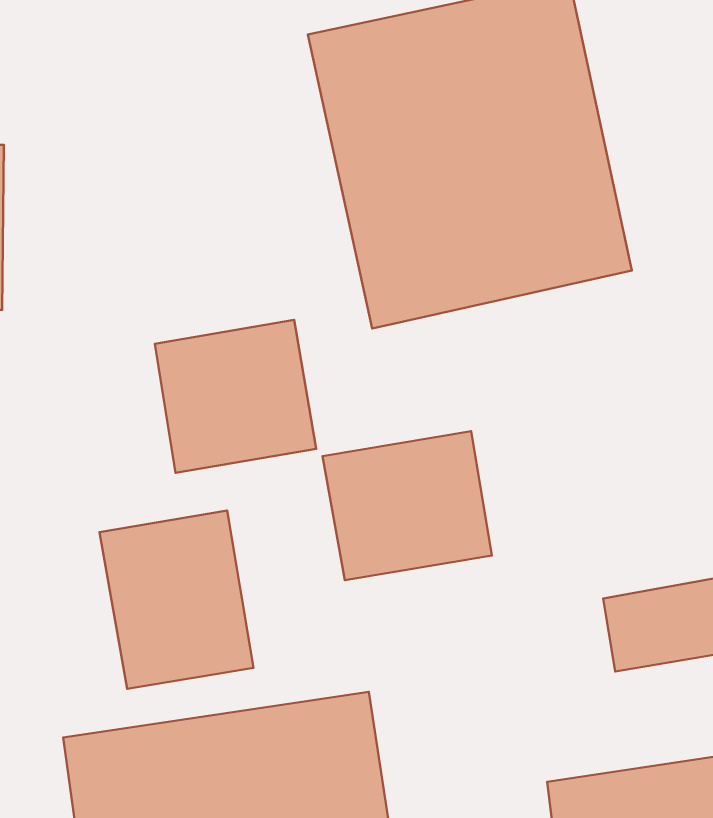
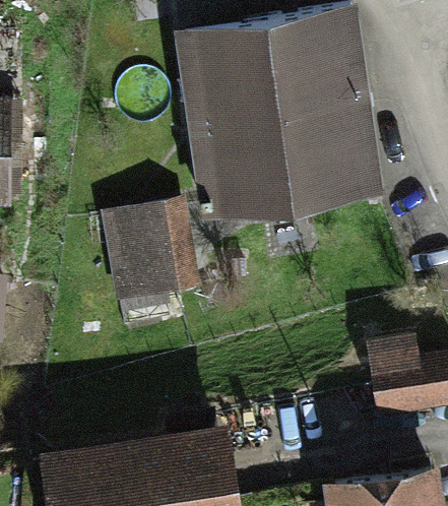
building: [323,431,492,580] -> none
building: [99,511,253,689] -> none

